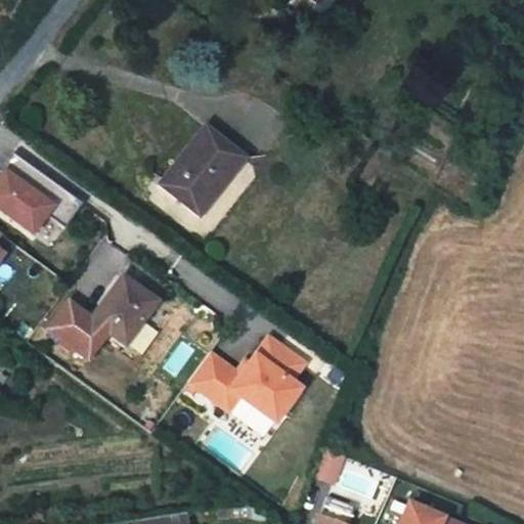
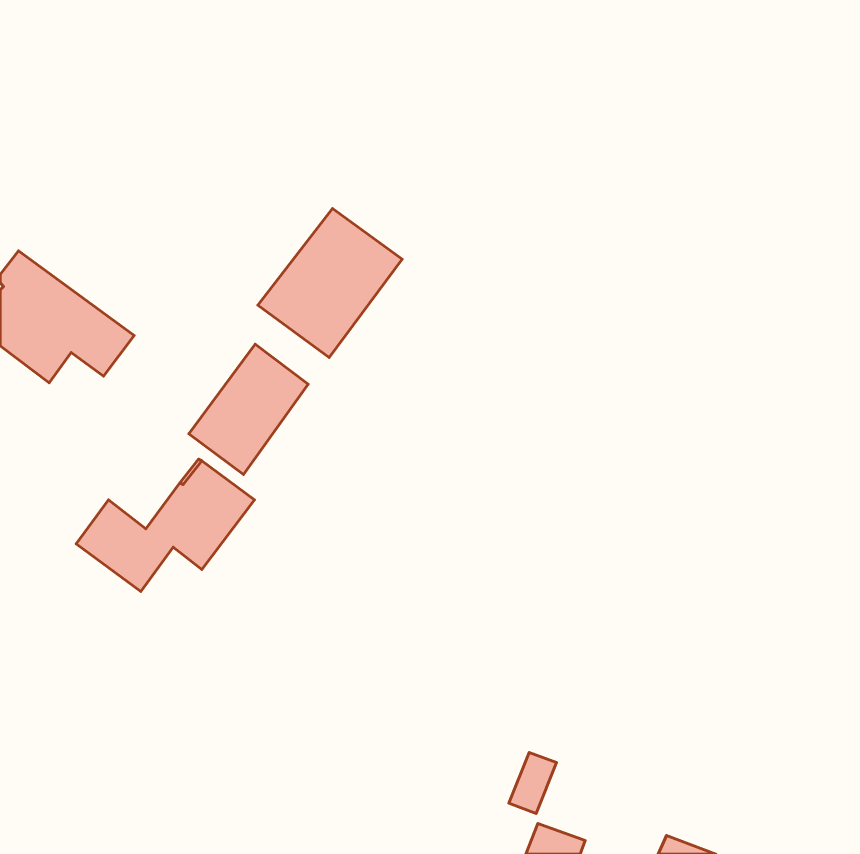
building: none -> [189,344,308,475]
building: [184,339,304,425] -> none

